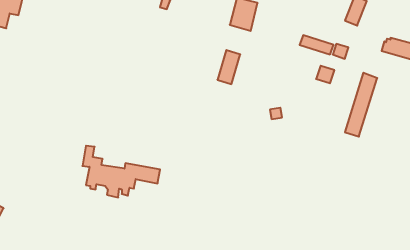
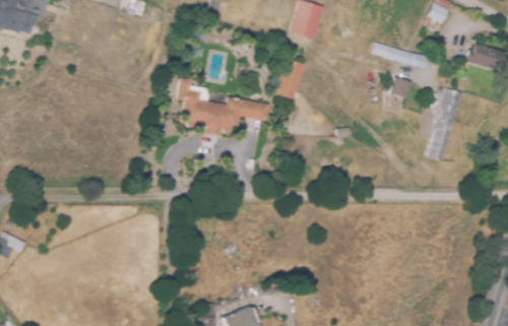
building: [82,146,160,197] -> [178,77,268,137]

